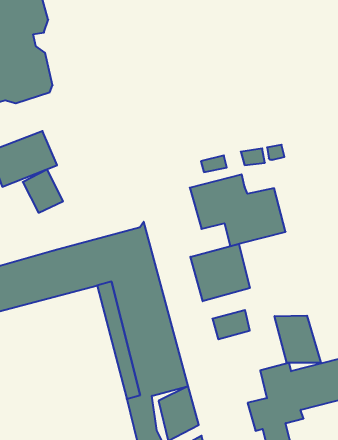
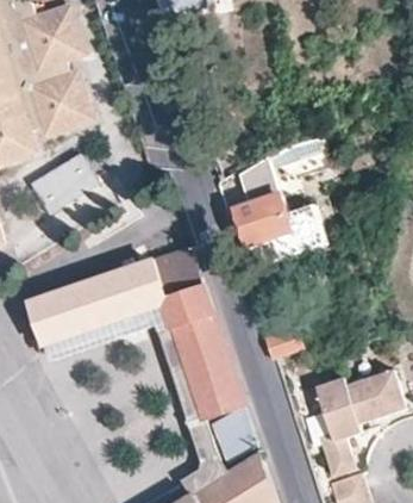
building: [190,244,250,301] -> none
building: [275,316,321,363] -> none

